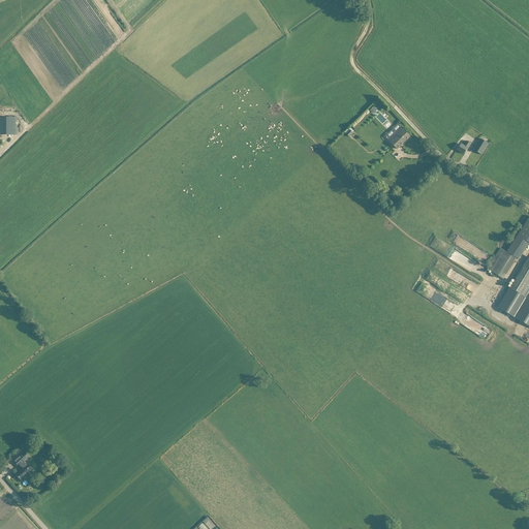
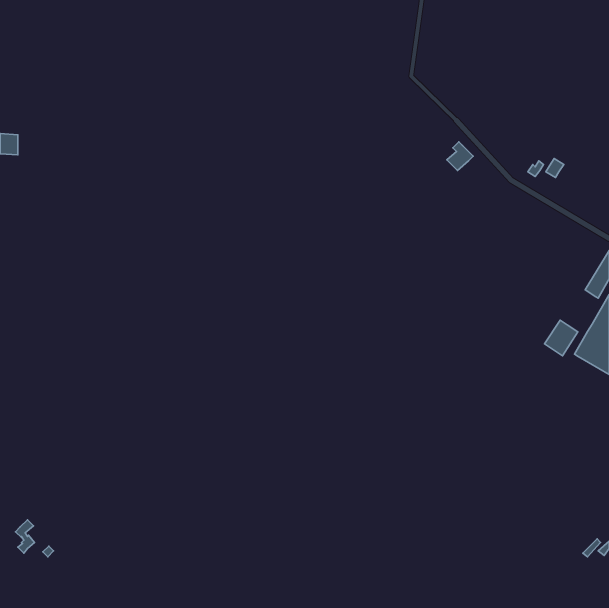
building: [488,247,517,278] -> [545,320,578,356]

